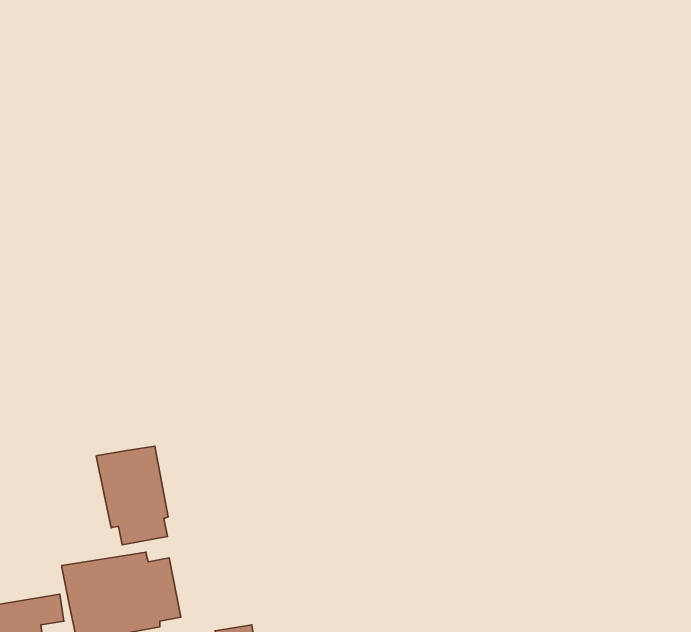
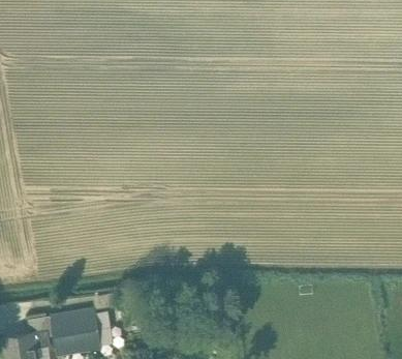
building: [96,446,168,545] -> none

